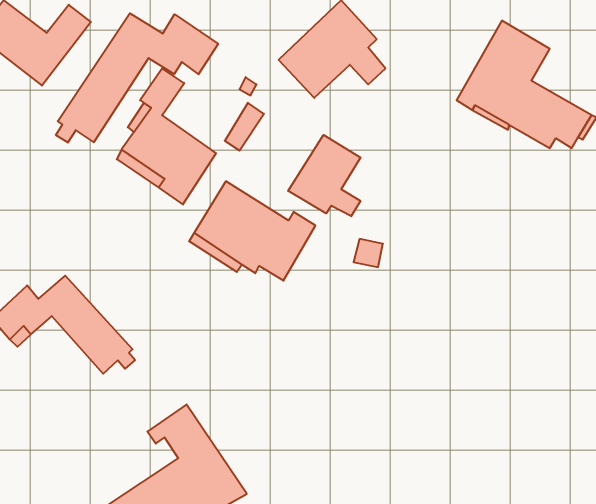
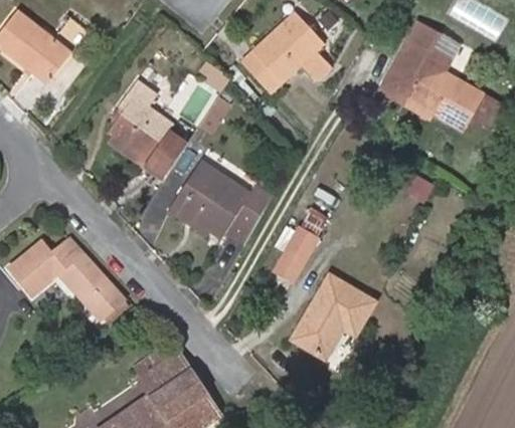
building: [56,13,218,143] -> none
building: [288,135,361,216] -> none
building: none -> [275,227,316,279]
building: none -> [291,273,374,357]

